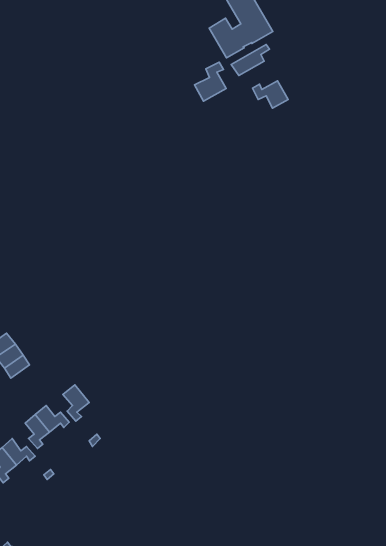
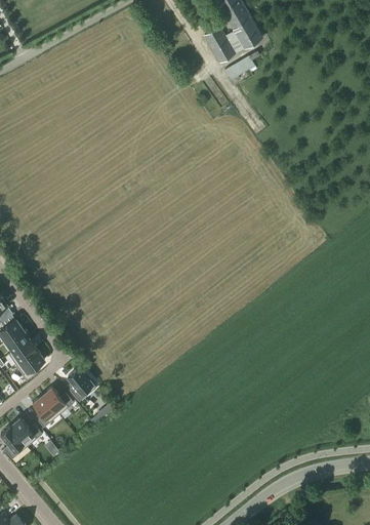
building: [194,62,226,101] -> none
building: [253,81,288,108] -> none
building: none -> [19,350,45,381]

